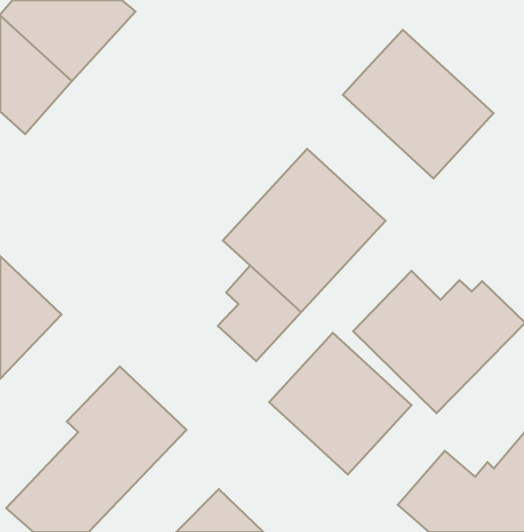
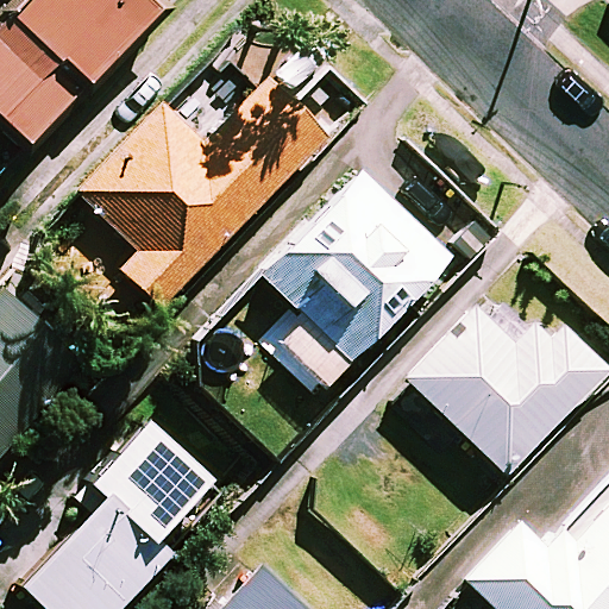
building: [343,30,494,178] -> none
building: none -> [82,79,324,306]
building: [269,333,412,474] -> none

